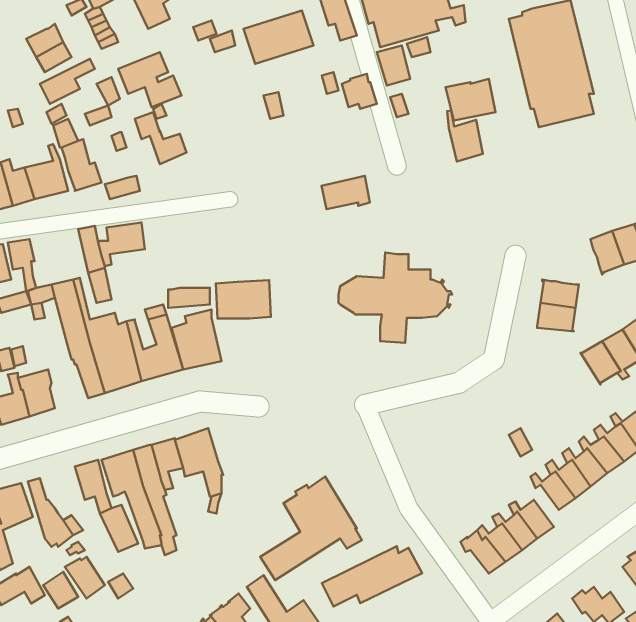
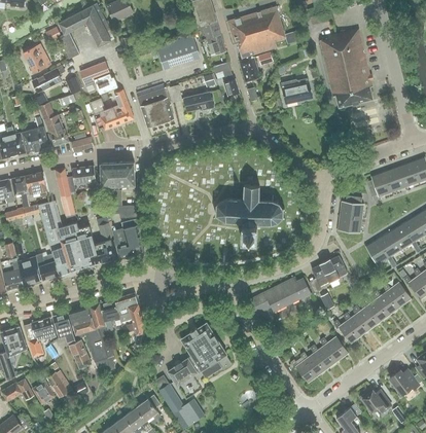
building: none -> [137,83,174,127]
building: none -> [105,89,134,122]
building: [447,110,483,161] -> none
building: [321,176,370,209] -> [183,91,213,111]
building: none -> [25,172,47,199]
building: [216,280,271,319] -> [101,161,135,185]
building: none -> [36,253,61,280]
building: none -> [312,255,347,286]
building: none -> [31,317,57,341]
building: [322,546,422,606] -> [249,277,311,314]

